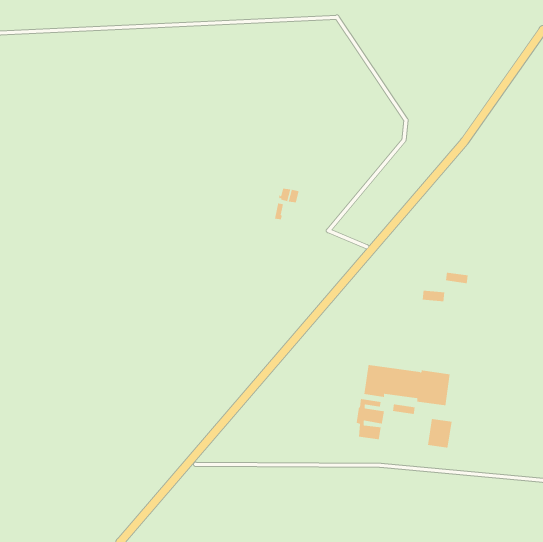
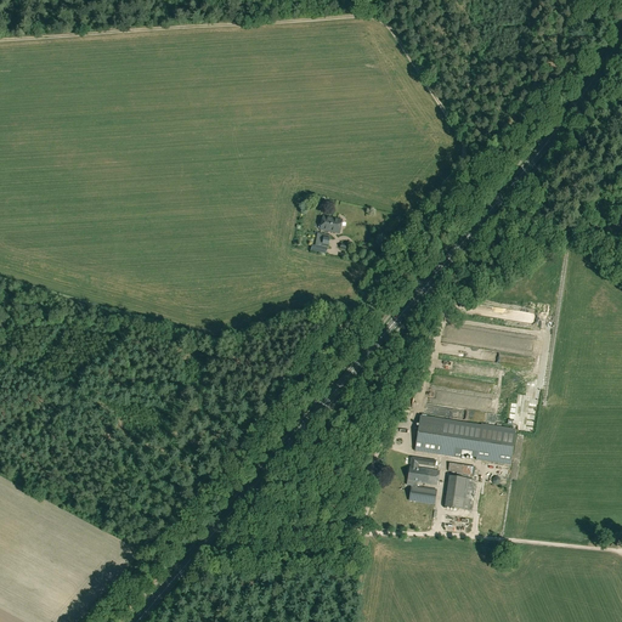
building: [427,418,453,448] -> [445,475,474,509]

